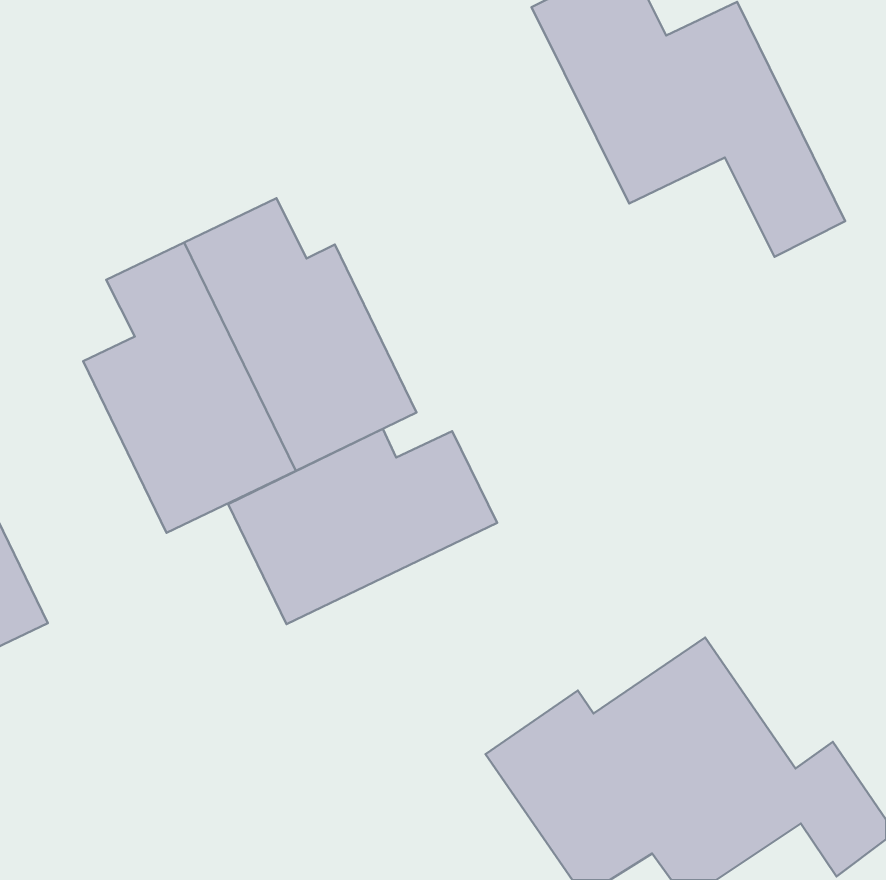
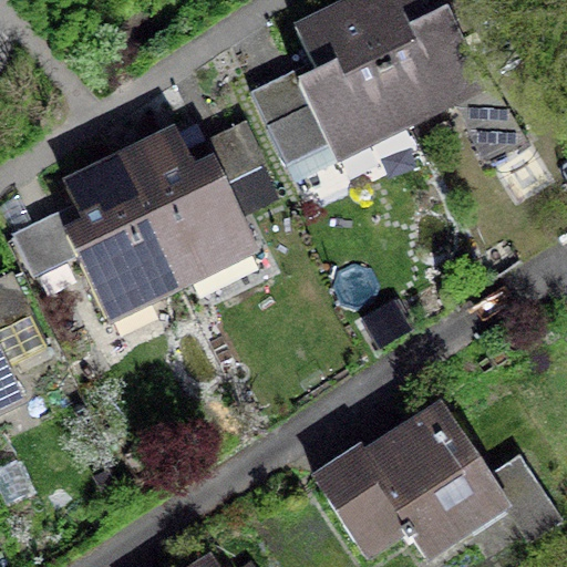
building: none -> [244,4,393,157]
building: [228,429,497,624] -> none

